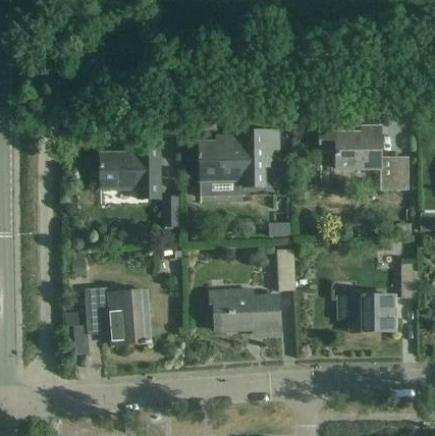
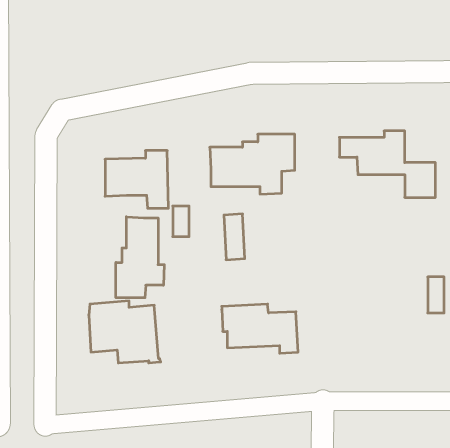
building: none -> [116,217,164,298]
building: [276,249,295,291] -> [224,214,245,260]
building: [338,293,394,332] -> none

